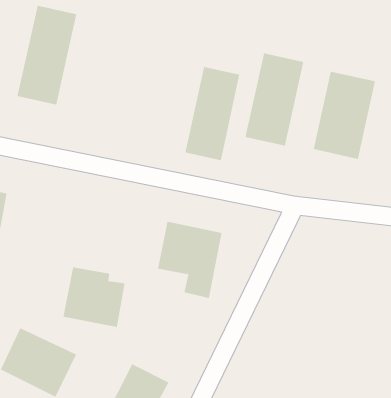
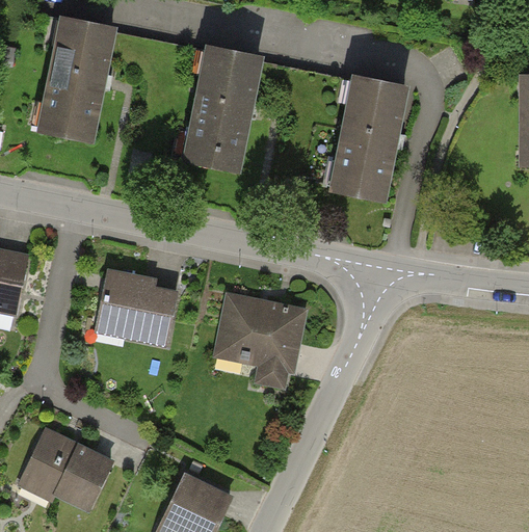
building: [185,66,240,161] -> [188,49,259,169]
building: [313,71,376,160] -> none
building: [63,267,126,328] -> [97,270,177,348]

